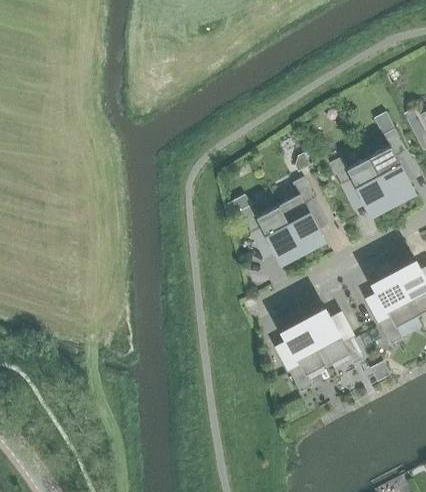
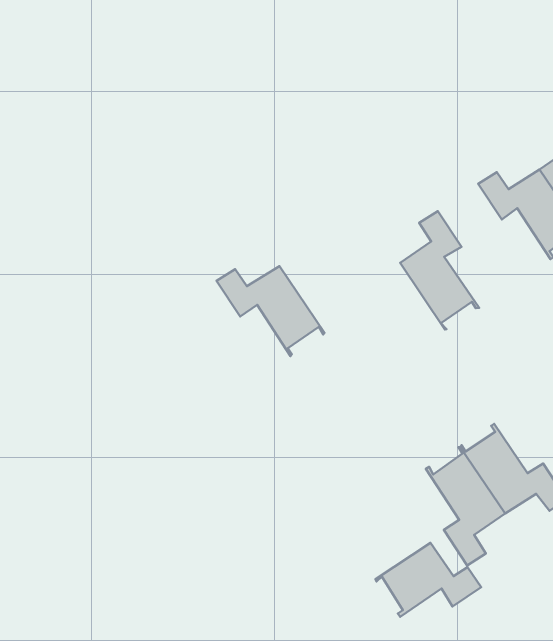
building: [239,204,301,260] -> [217,266,325,356]
building: none -> [376,543,481,617]

